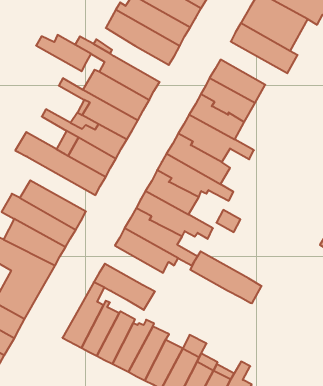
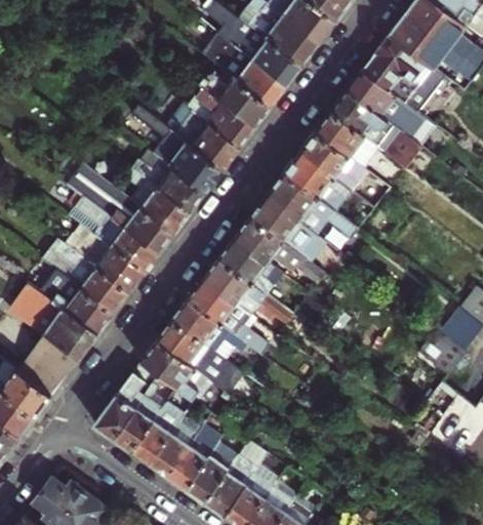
building: [36,35,91,71] -> [203,78,269,127]
building: none -> [332,89,422,166]
building: none -> [68,196,158,273]
building: [190,251,262,303] -> [158,319,242,391]

